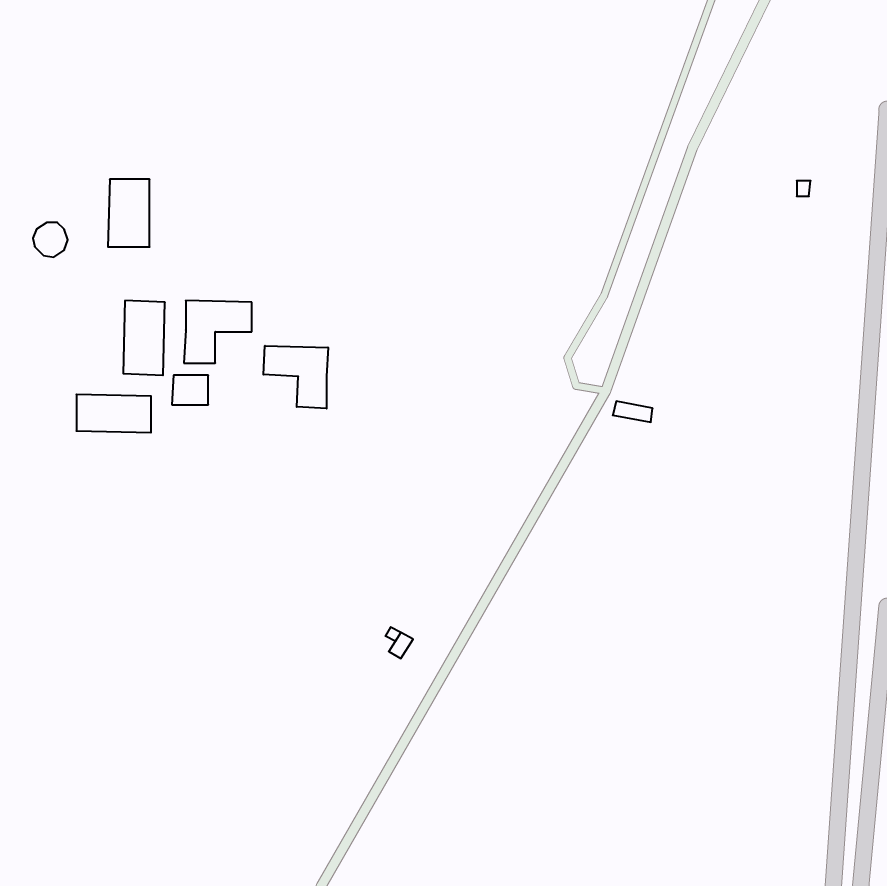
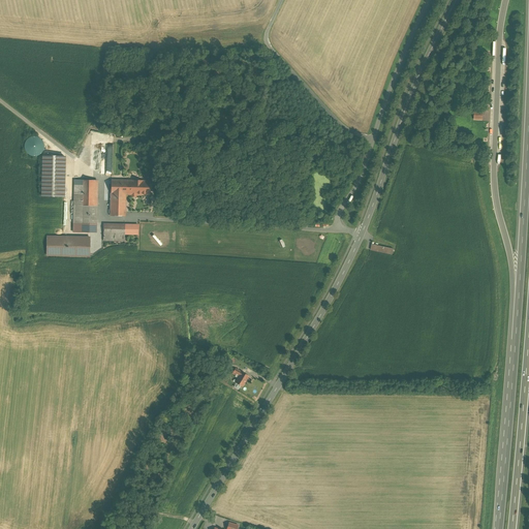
building: [108,179,150,247] -> [40,156,65,196]
building: [263,346,328,409] -> none

